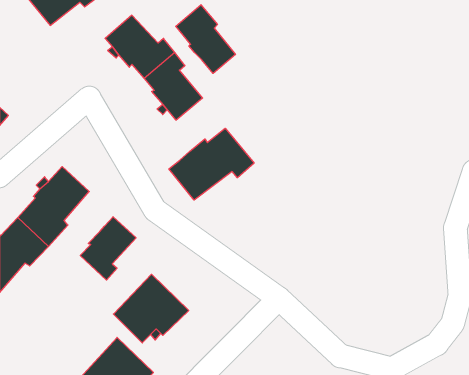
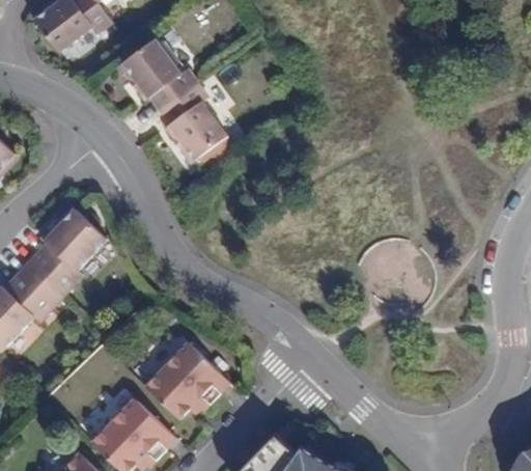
building: [176,5,235,73] -> none
building: [169,128,254,200] -> none
building: [80,217,136,280] -> none

